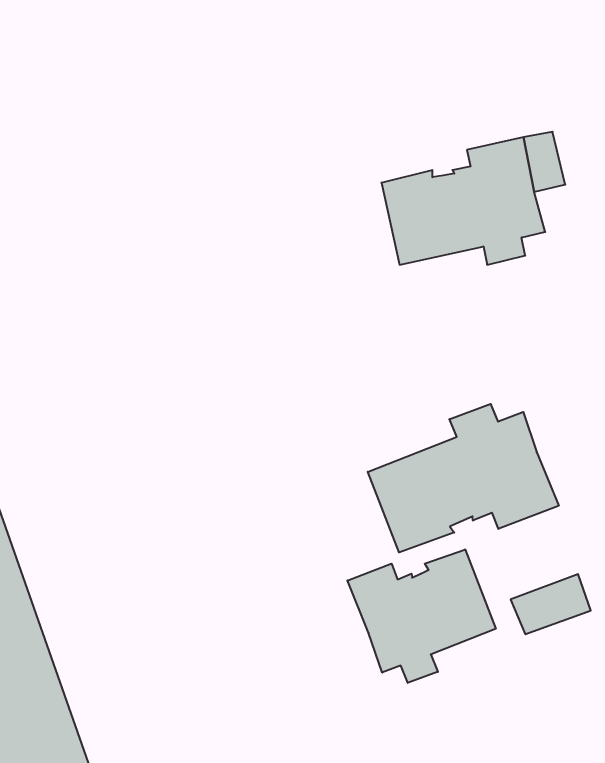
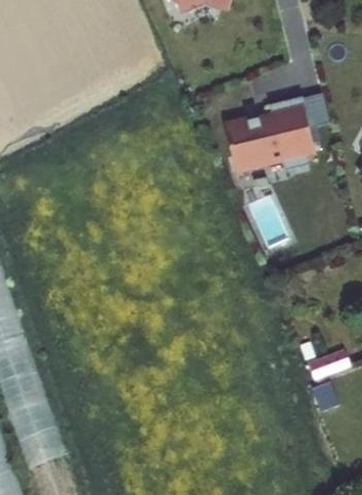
building: [368,404,559,552] -> none
building: [347,549,496,683] -> none

